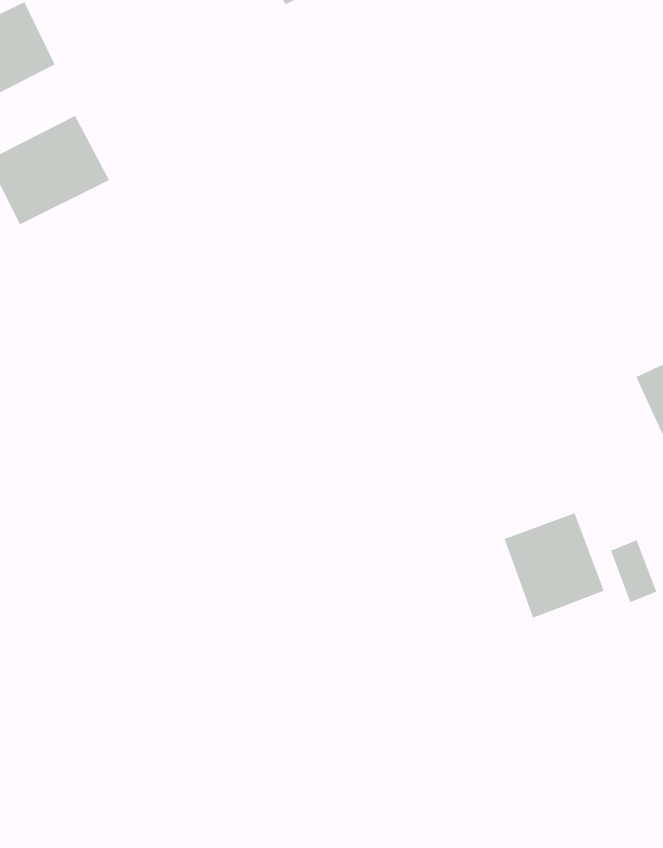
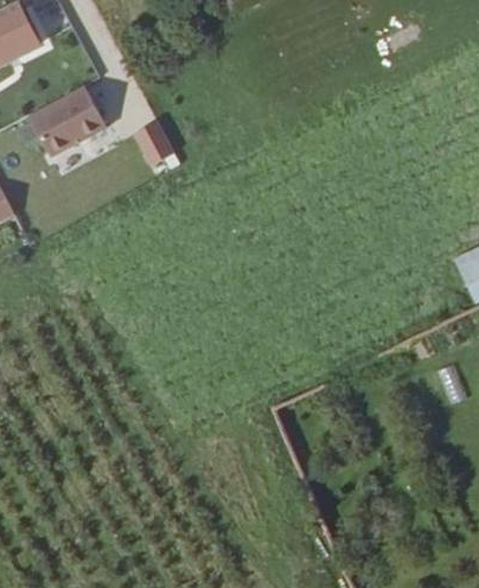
building: none -> [129,116,175,170]
building: [504,513,605,618] -> none

